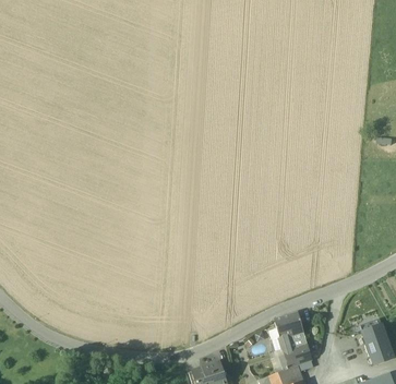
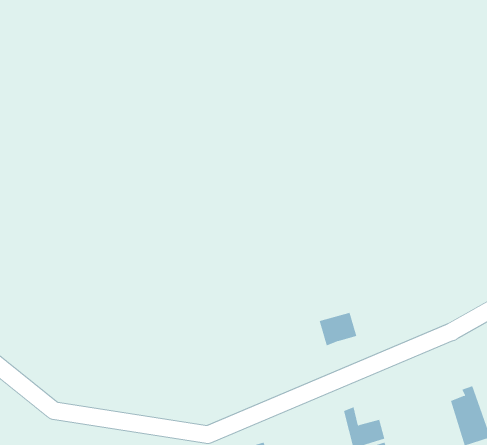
building: [274,312,303,338] -> [319,312,357,346]

